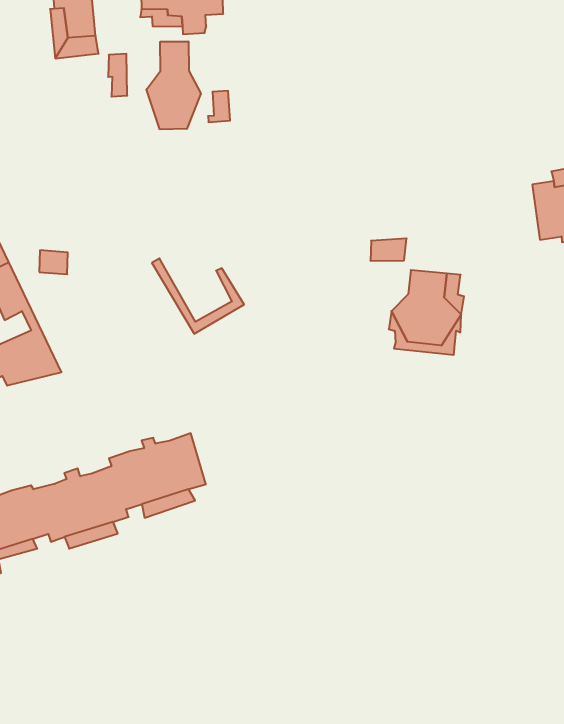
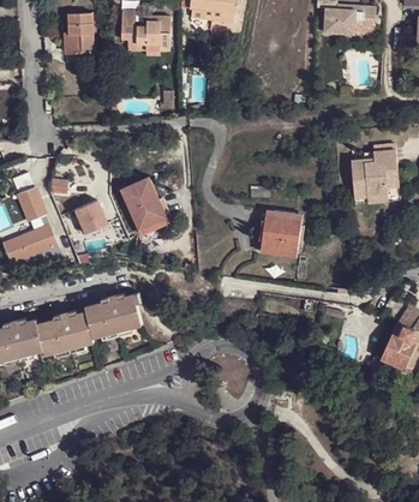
building: [146,41,201,129] -> none
building: none -> [124,178,166,228]
building: none -> [74,199,107,232]

